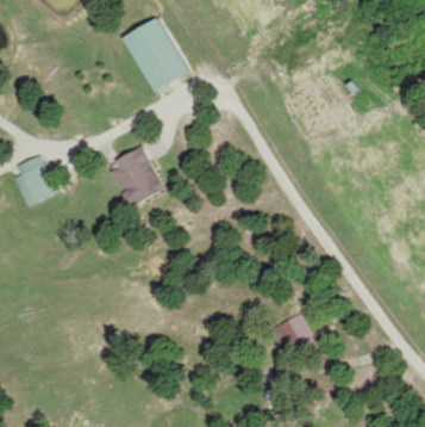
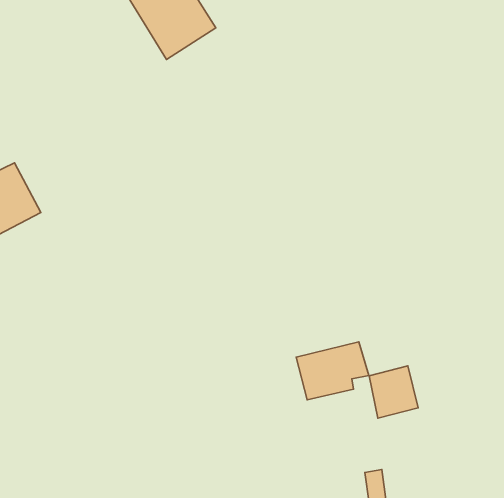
building: [111,147,164,205] -> none
building: none -> [296,342,369,400]

